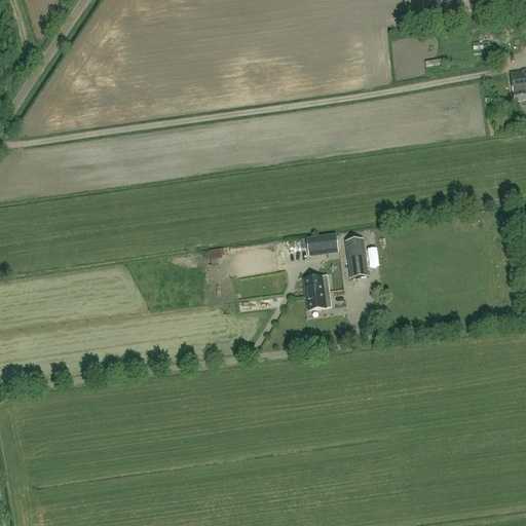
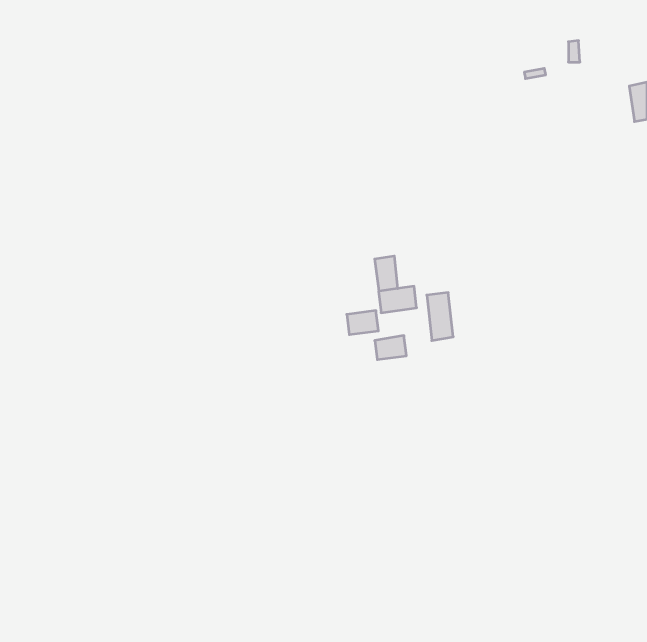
building: none -> [375,256,398,291]
building: [306,289,332,308] -> [347,311,378,335]

